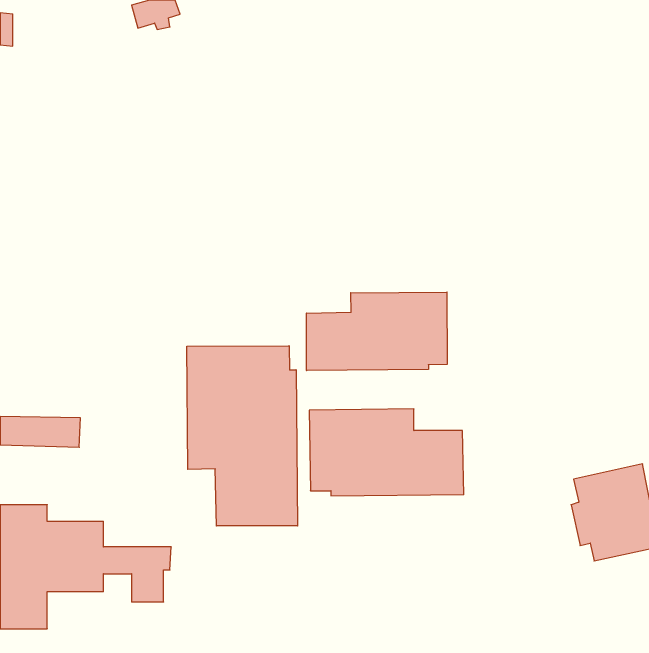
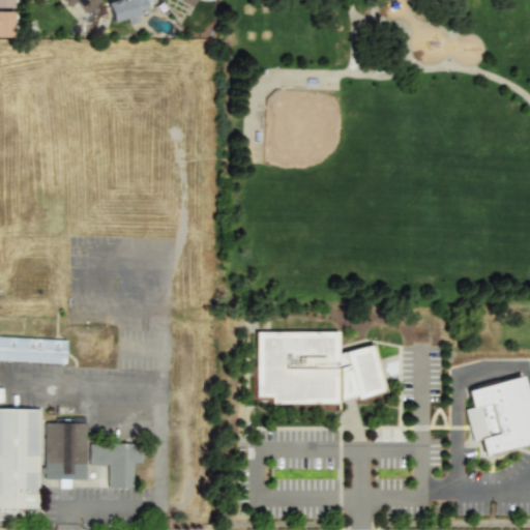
building: [307,292,447,371] -> none
building: [187,346,298,526] -> none

